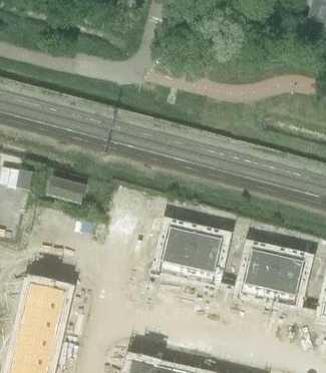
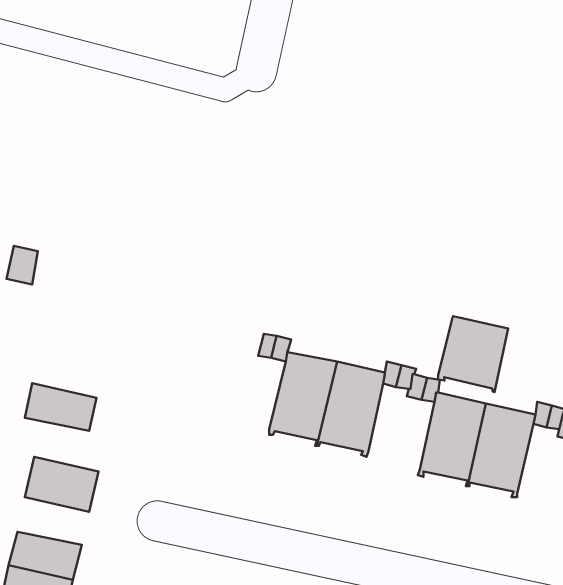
building: [48,176,84,202] -> none
building: none -> [438,316,508,392]
building: [21,305,60,331] -> [25,383,97,431]

